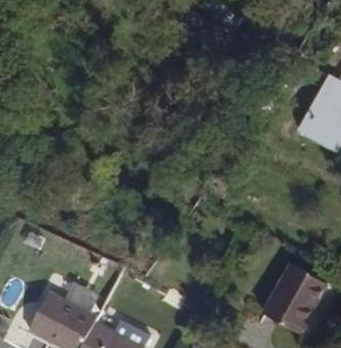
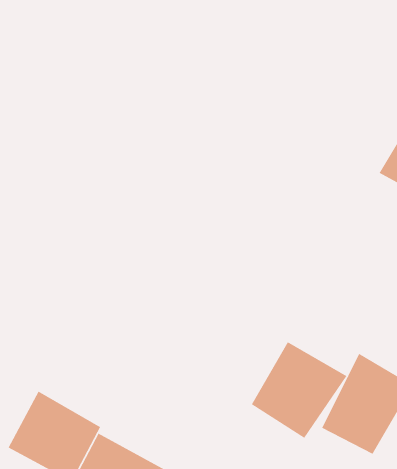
building: none -> [251,341,348,439]

